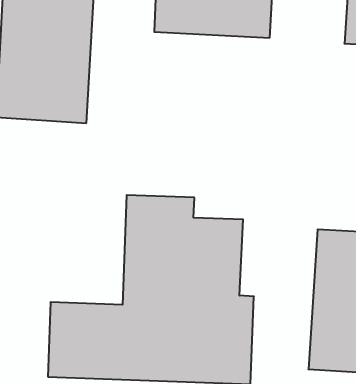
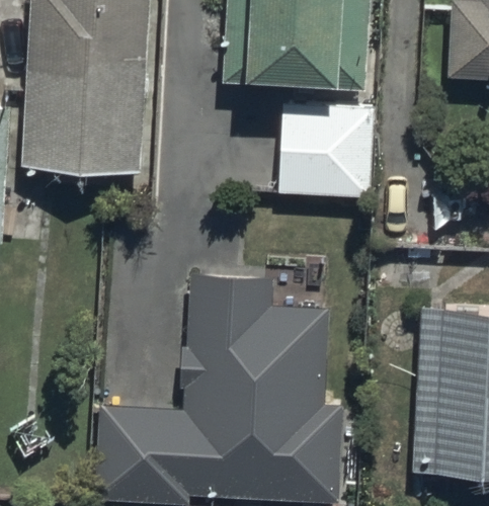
building: none -> [282,104,376,197]

